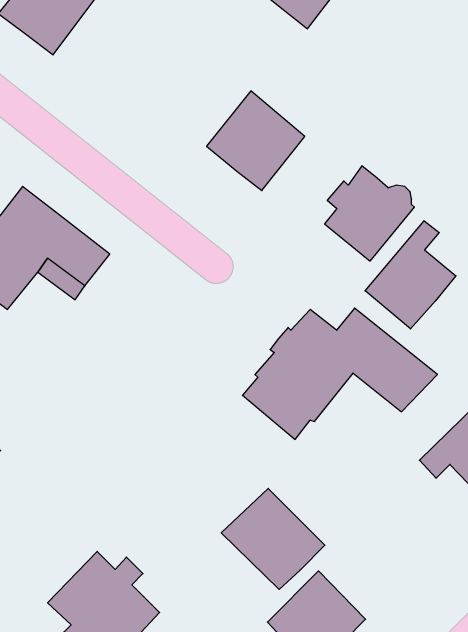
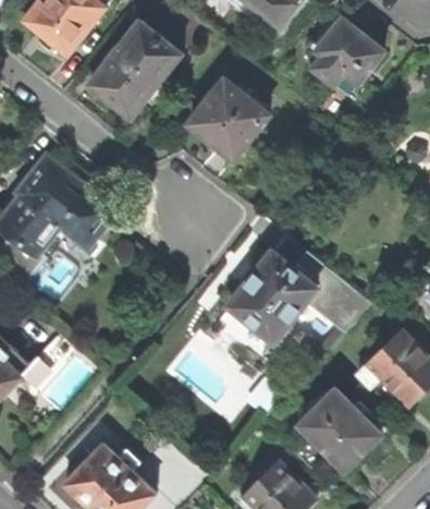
building: none -> [87,20,182,118]
building: [325,166,414,261] -> [312,21,383,96]
building: [365,221,456,329] -> none
building: [221,488,325,589] -> [299,388,381,468]

